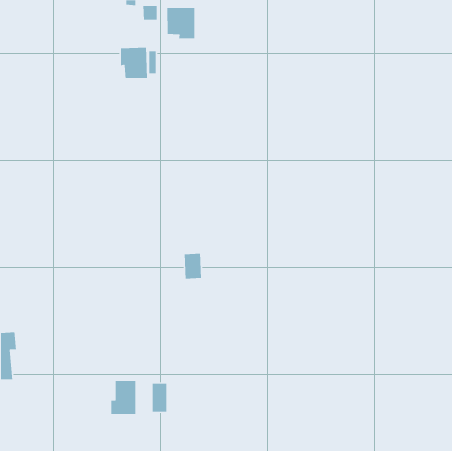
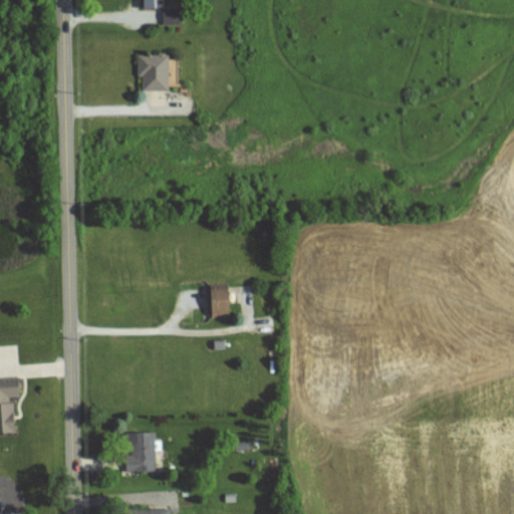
building: [166,7,195,39] -> none
building: [152,383,167,413] -> none

